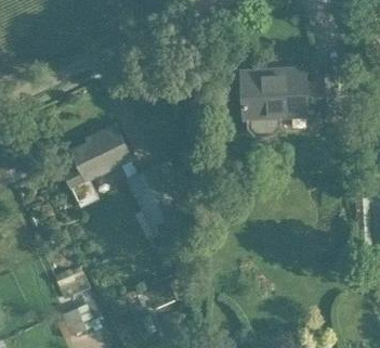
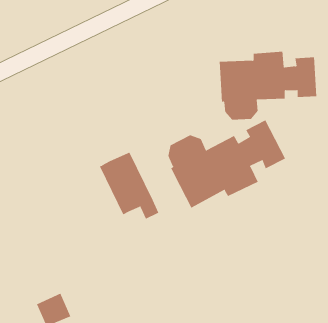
building: [62,124,132,206] -> none
building: none -> [168,120,286,208]

